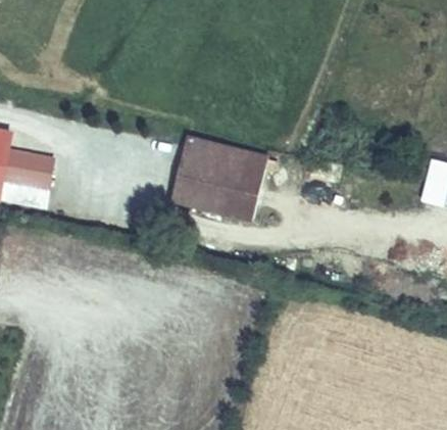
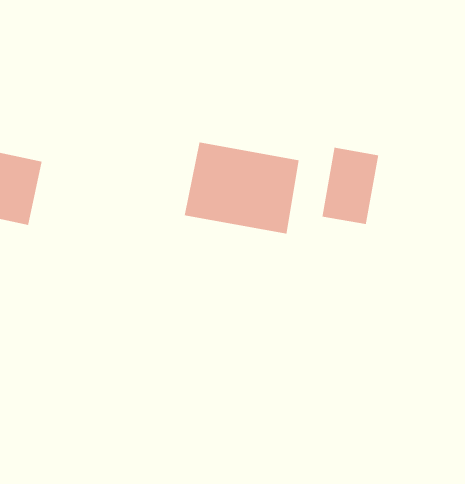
building: none -> [322,147,379,225]

